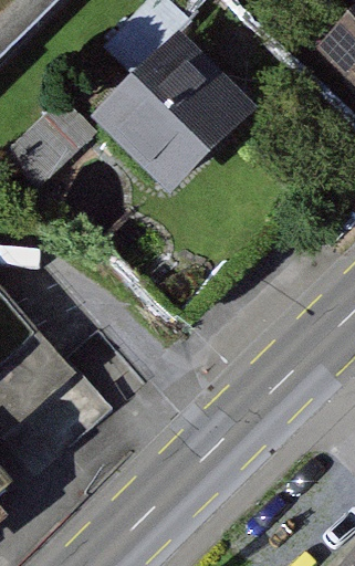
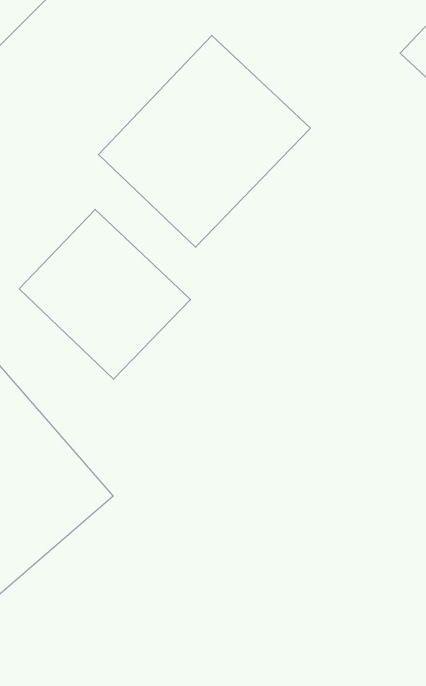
building: none -> [19,209,191,379]

